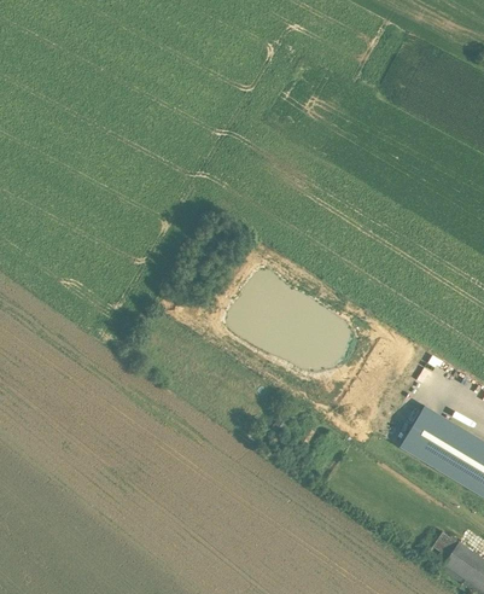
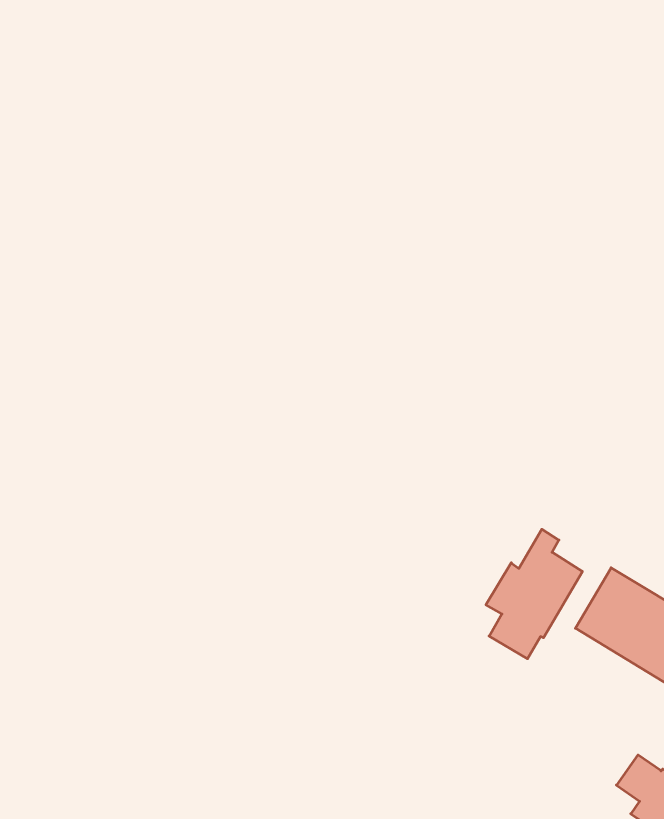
building: none -> [486,529,582,659]

